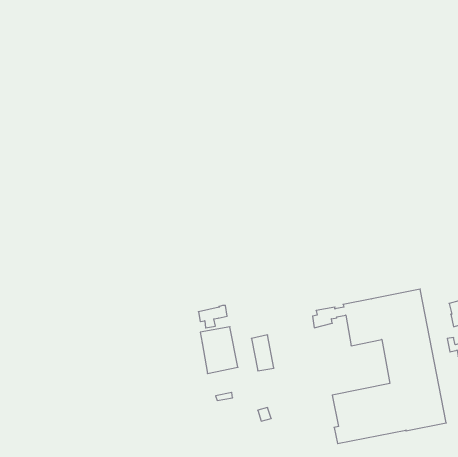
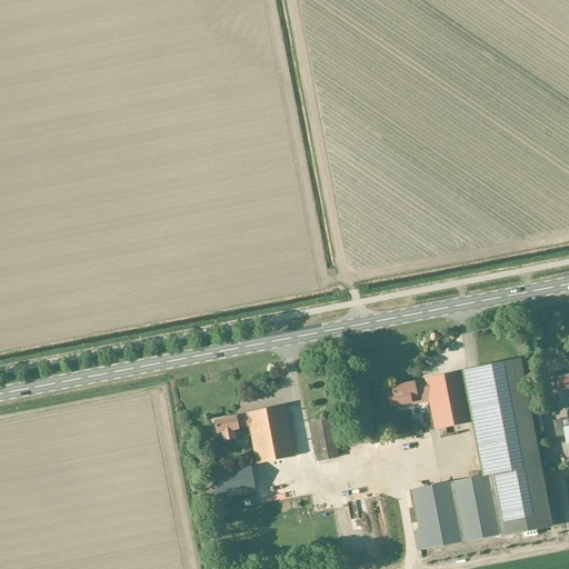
building: [198,305,227,328] -> [216,411,251,439]
building: none -> [212,462,257,497]

